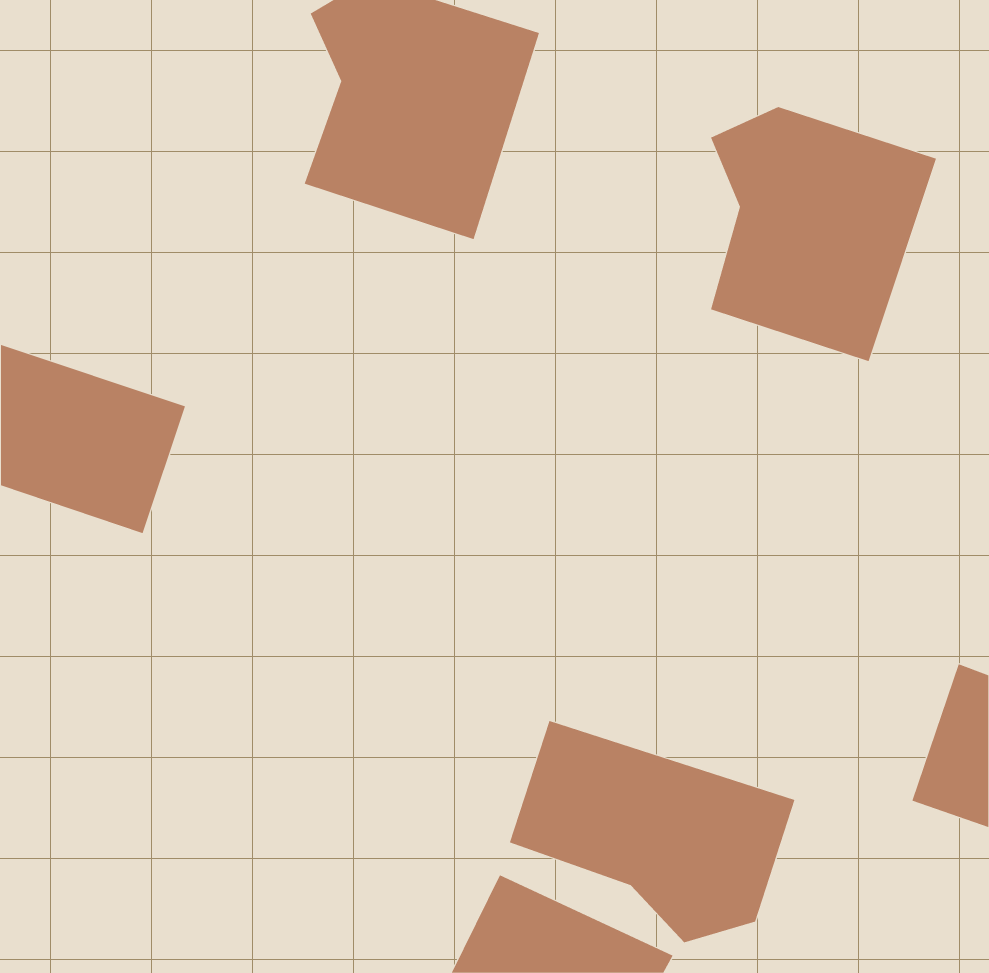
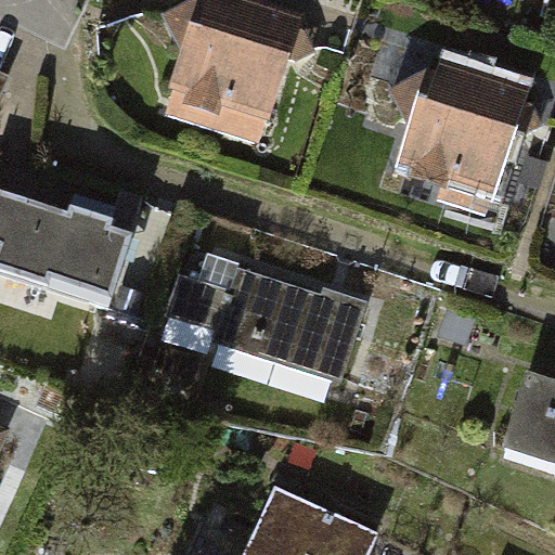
building: none -> [157,266,359,383]
building: [509,720,795,943] -> none

